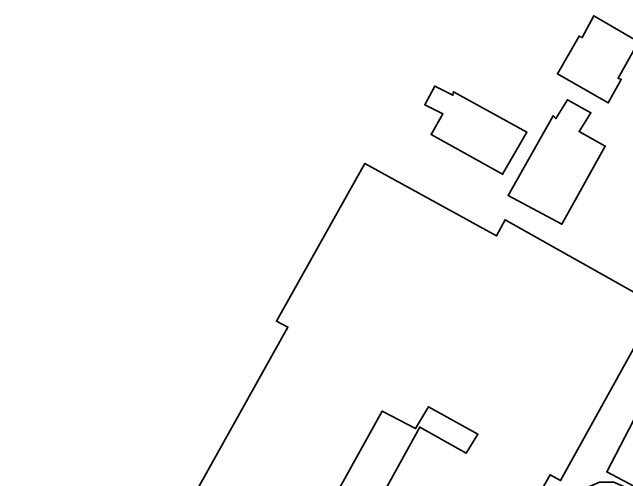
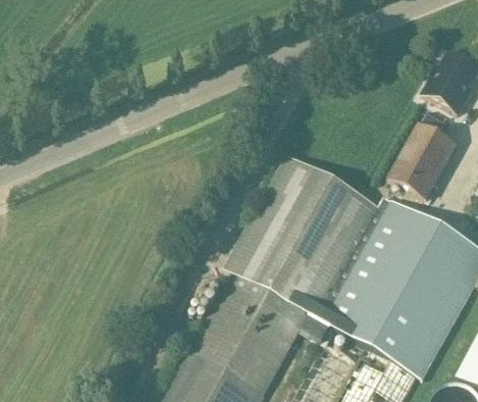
building: [425,86,527,174] -> none

